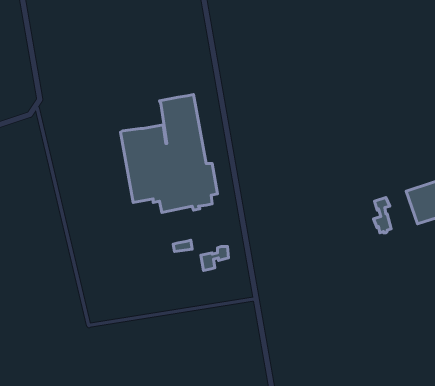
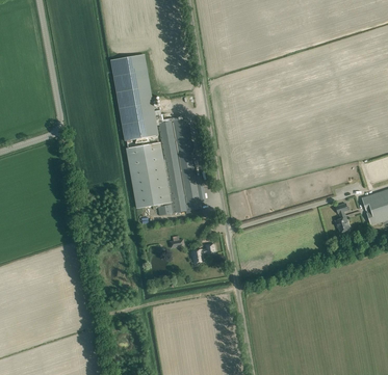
building: none -> [110,55,173,145]

